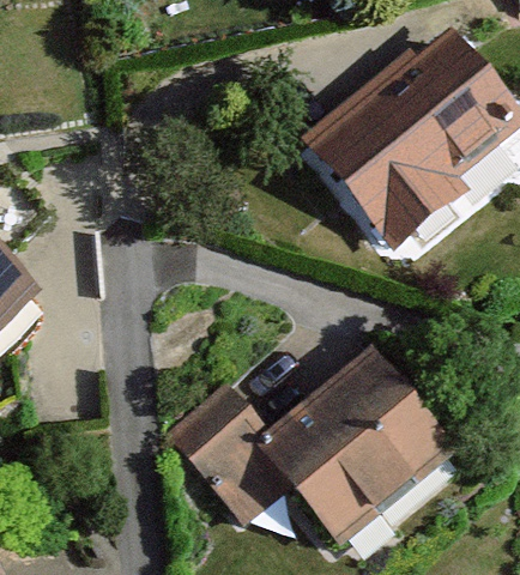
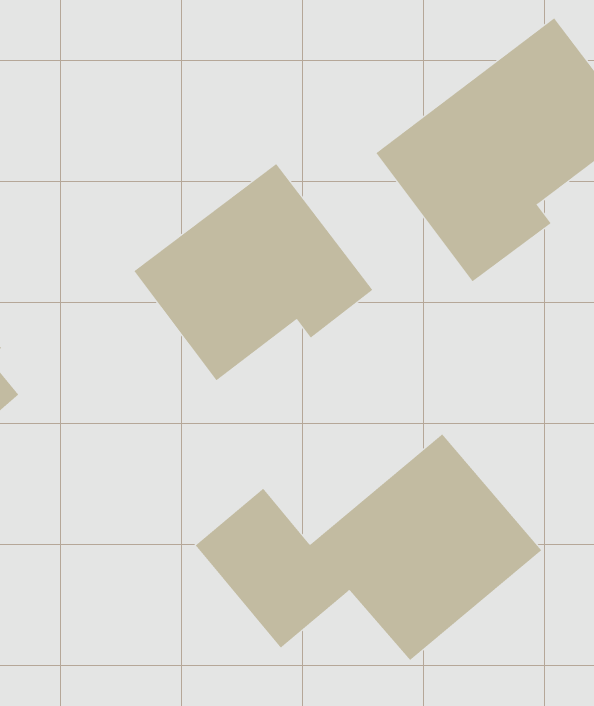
building: none -> [134,163,373,381]

